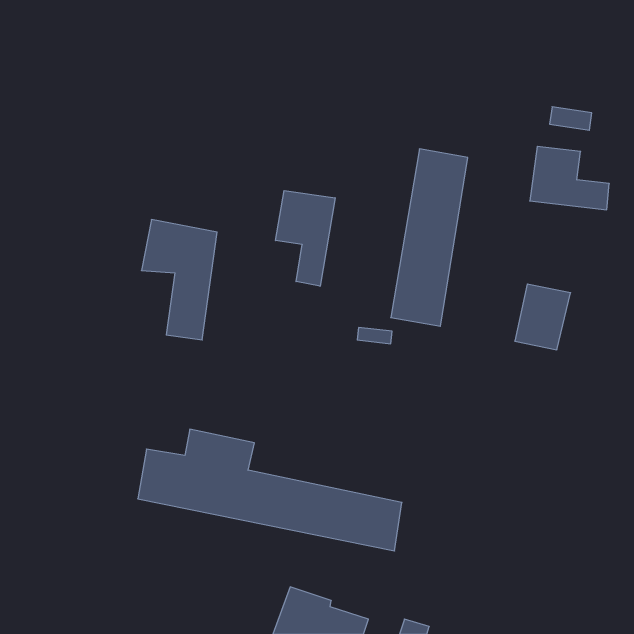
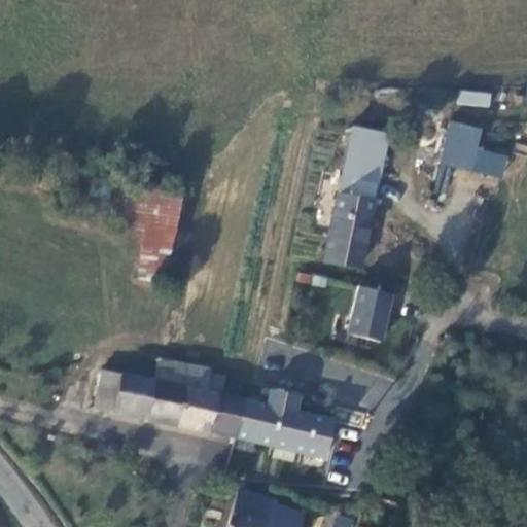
building: [276,191,335,286] -> none
building: [515,284,571,350] -> [348,285,394,340]
building: none -> [94,370,121,414]

